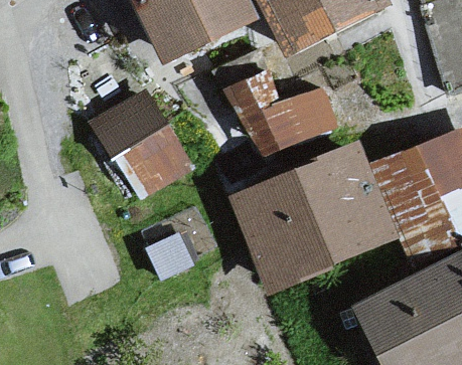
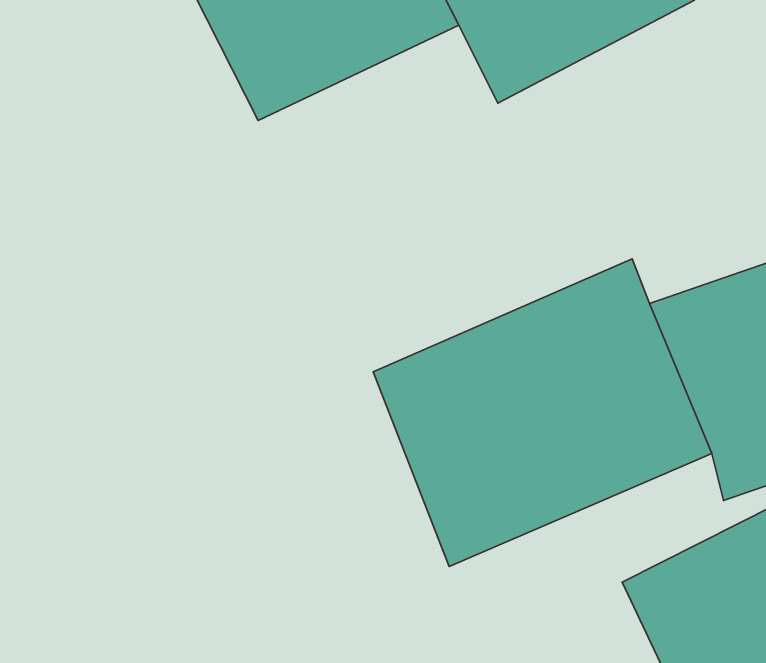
building: [225,52,343,145] -> none
building: [90,68,192,182] -> none

